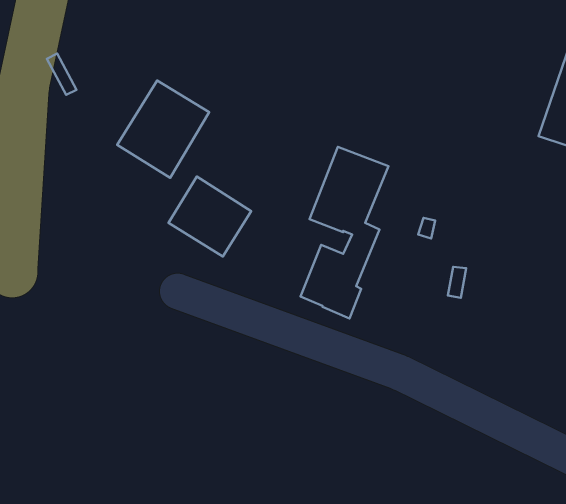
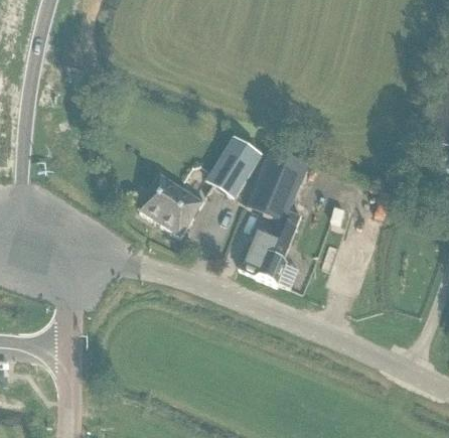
building: [117,80,209,178] -> none
building: none -> [207,136,263,197]

